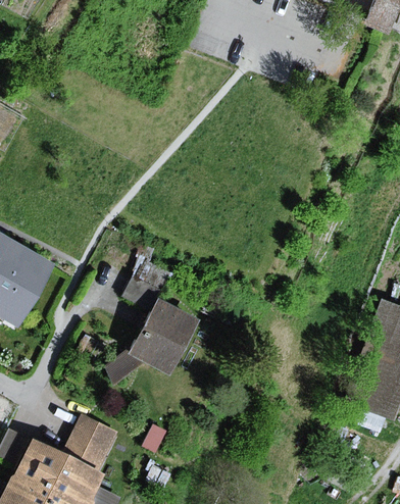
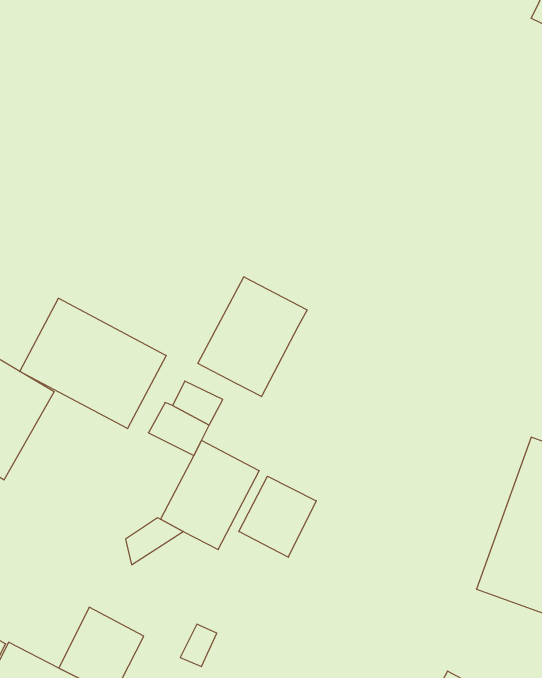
building: none -> [198,277,307,397]
building: none -> [20,298,166,429]
building: none -> [239,476,316,557]

